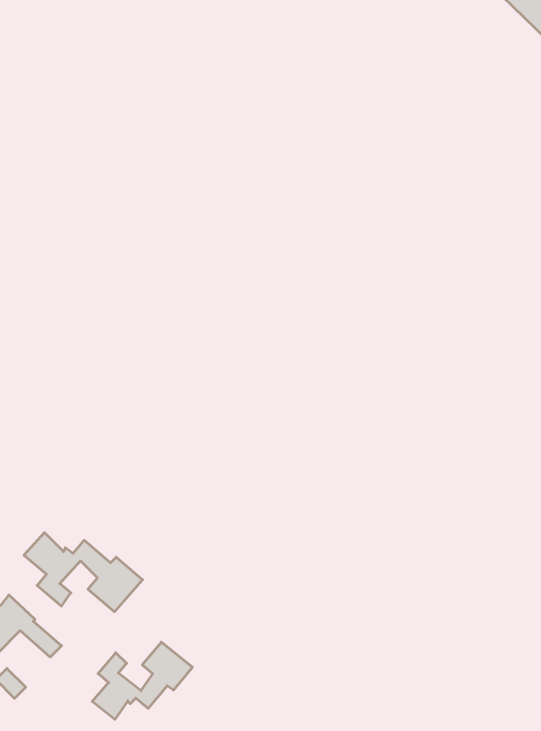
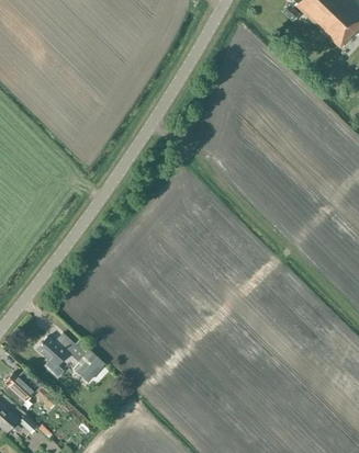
building: [92,642,192,719] -> none

